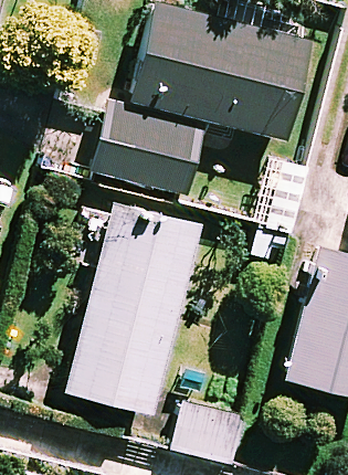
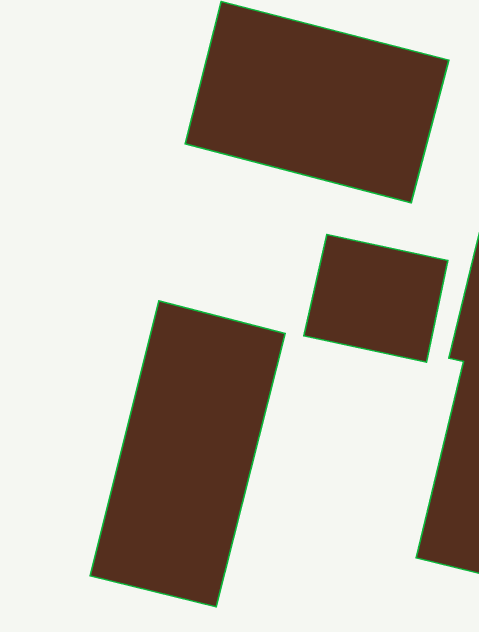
building: [99,109,197,196] -> [304,234,448,362]

